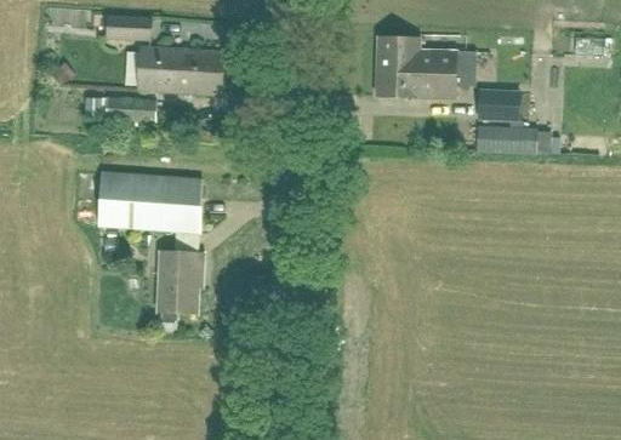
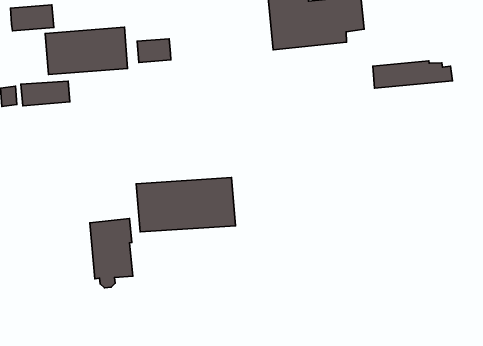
building: none -> [137,39,171,62]
building: [479,90,520,121] -> none
building: [98,173,201,232] -> [136,178,236,232]

